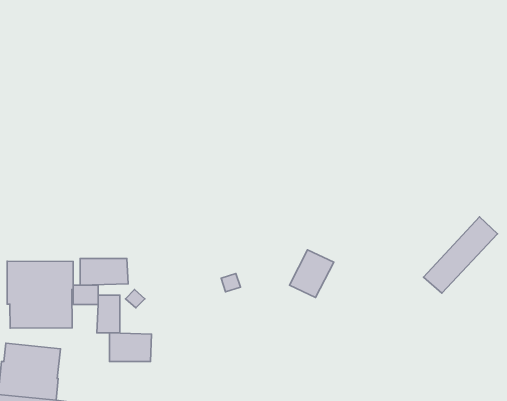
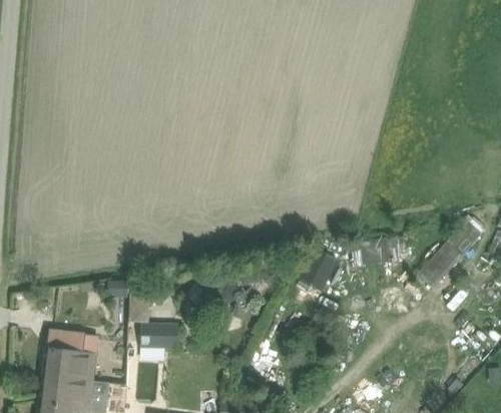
building: none -> [361,239,395,264]
building: [80,259,128,285] -> none
building: [7,261,73,328] -> none

